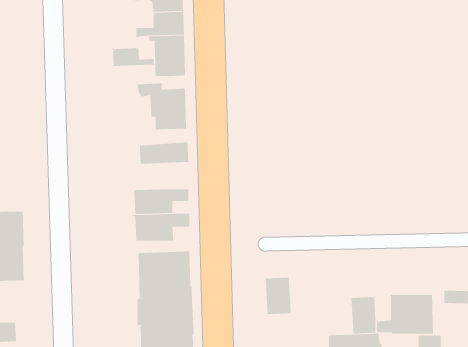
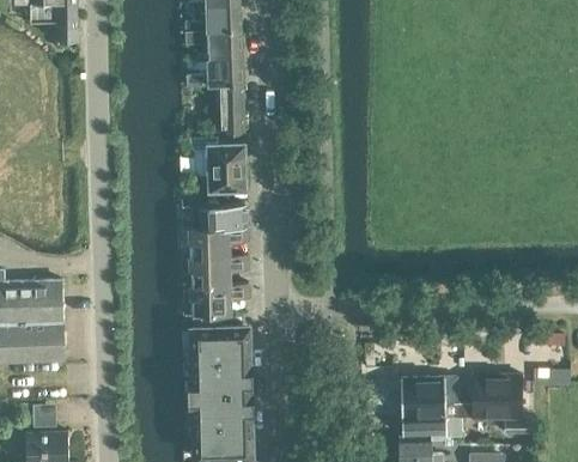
building: [113,48,155,67] -> none
building: none -> [182,226,248,257]
building: [265,277,292,315] -> [401,378,431,420]

